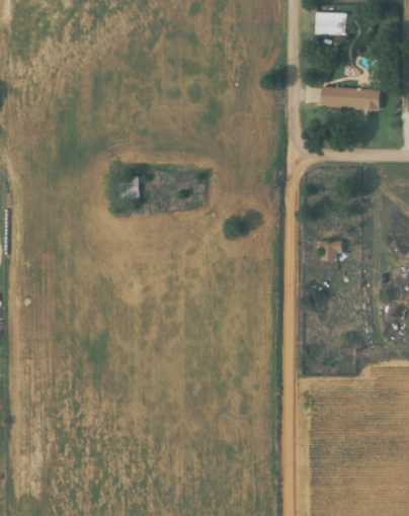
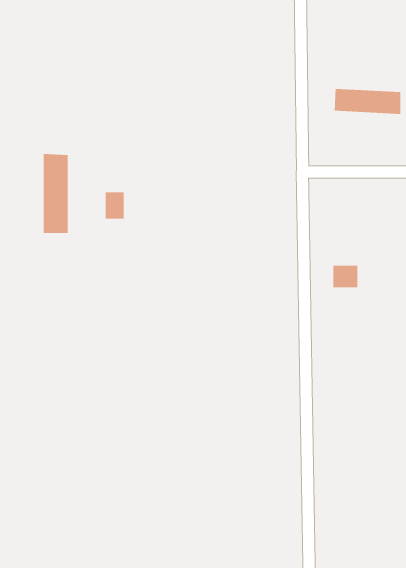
building: [315,19,340,34] -> none
building: none -> [43,153,69,234]

